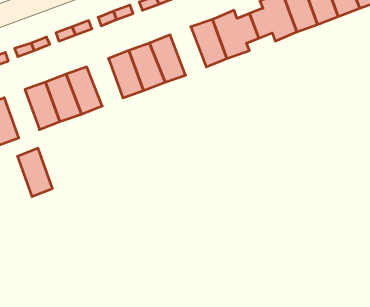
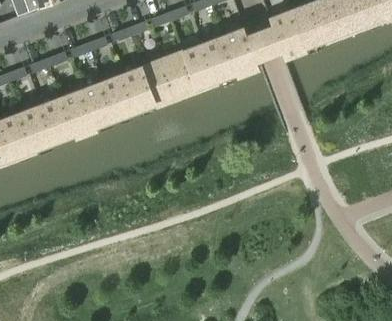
building: none -> [183,42,218,89]
building: none -> [102,73,137,119]
building: [17,148,52,197] -> [22,103,56,150]

